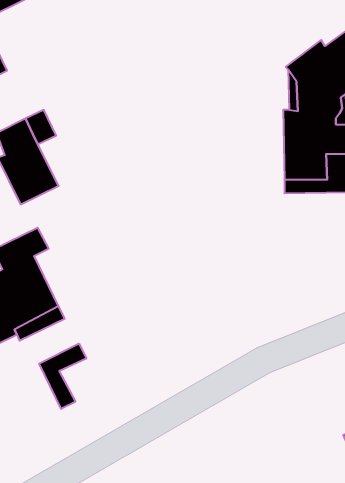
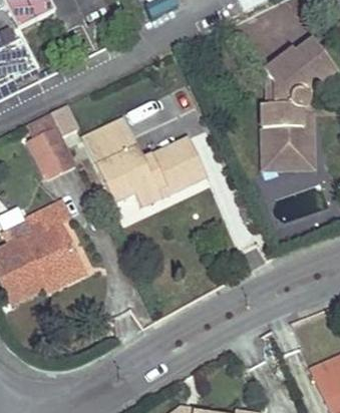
building: none -> [84,117,208,207]
building: [39,344,86,409] -> none

